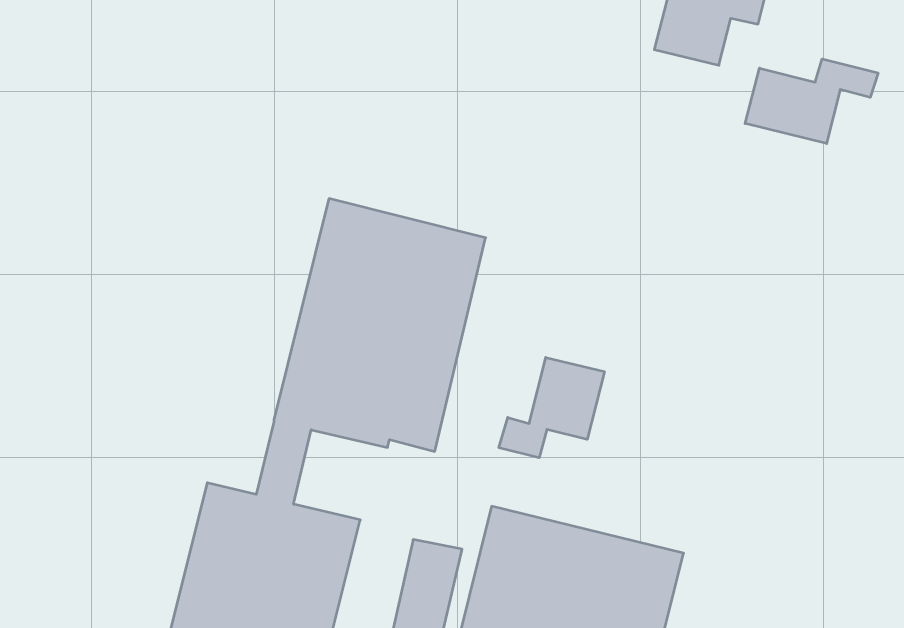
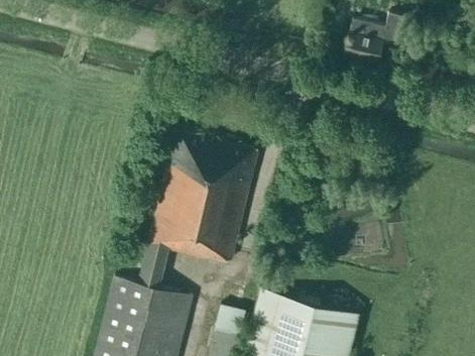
building: [745,59,878,144] -> none
building: [499,357,604,458] -> none

